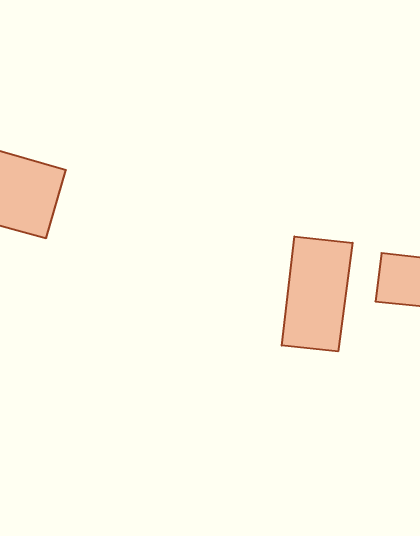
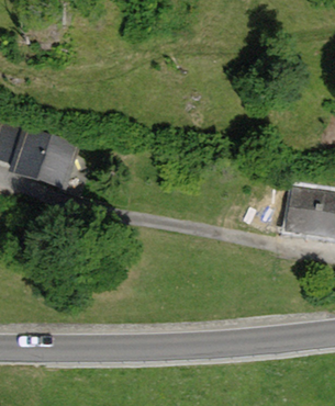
building: [282,236,353,351] -> none

